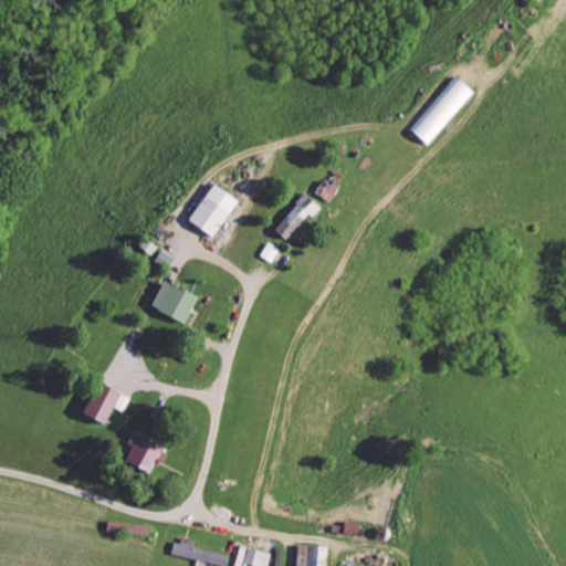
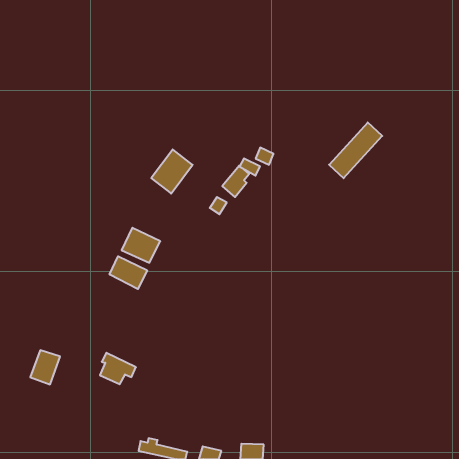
building: [408,77,473,146] -> [329,122,382,178]
building: none -> [110,256,147,289]
building: [82,382,118,424] -> [30,350,60,384]

